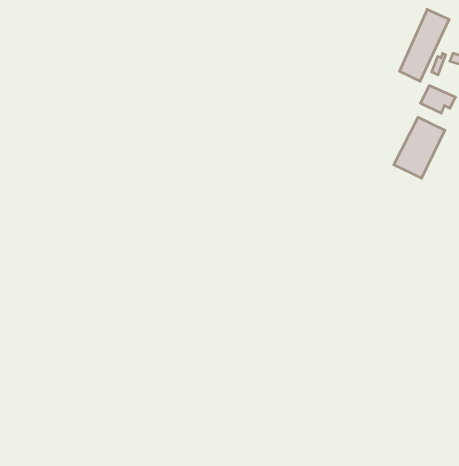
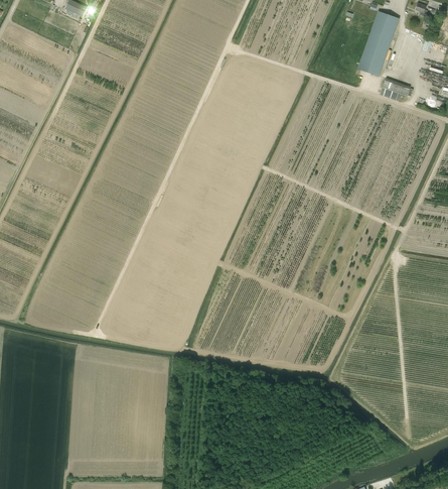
building: [394,117,445,178] -> none

